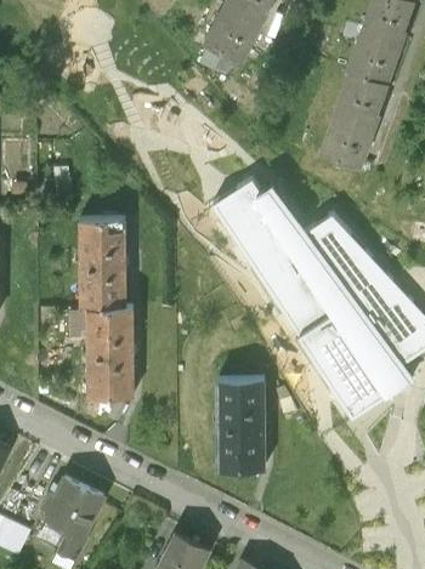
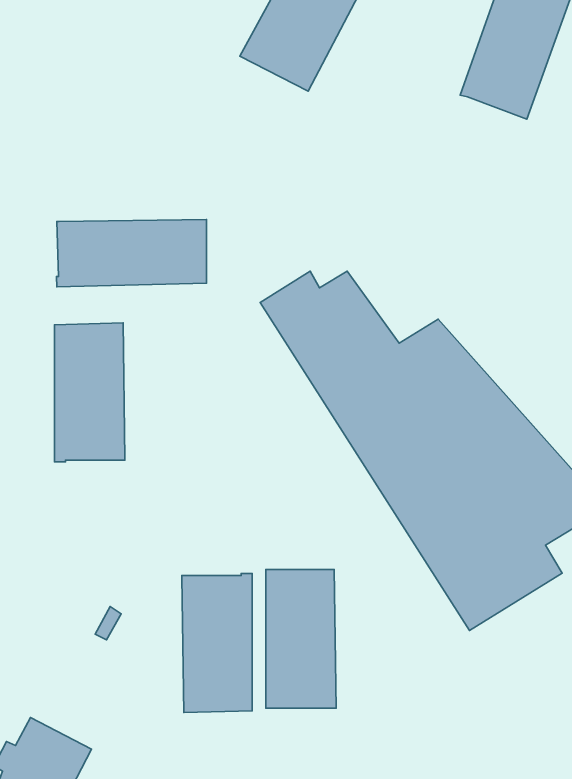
building: [319,69,395,171] -> none
building: none -> [57,219,207,287]
building: [87,306,134,397] -> [182,574,252,713]

